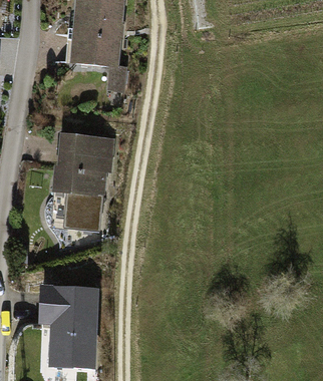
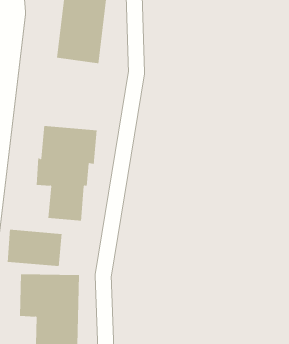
building: none -> [7,229,62,267]

